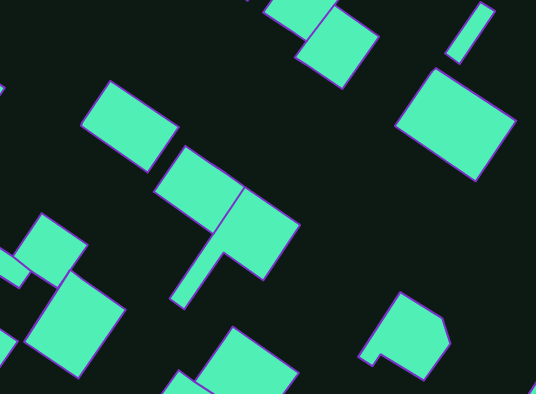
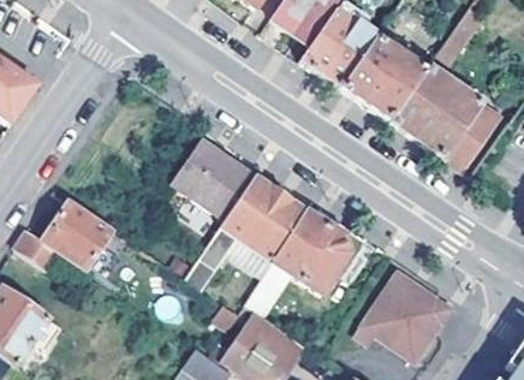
building: none -> [344,40,425,121]
building: [81,81,179,173] -> none
building: none -> [272,212,347,296]
building: [24,270,126,379] -> none

